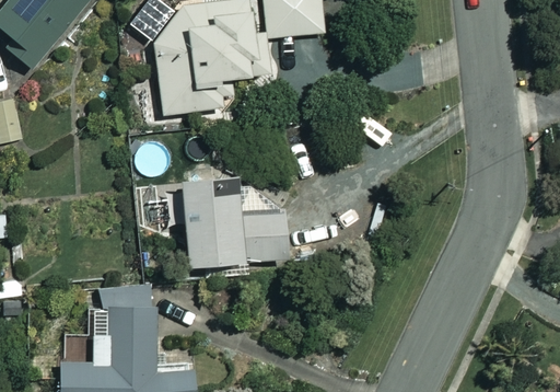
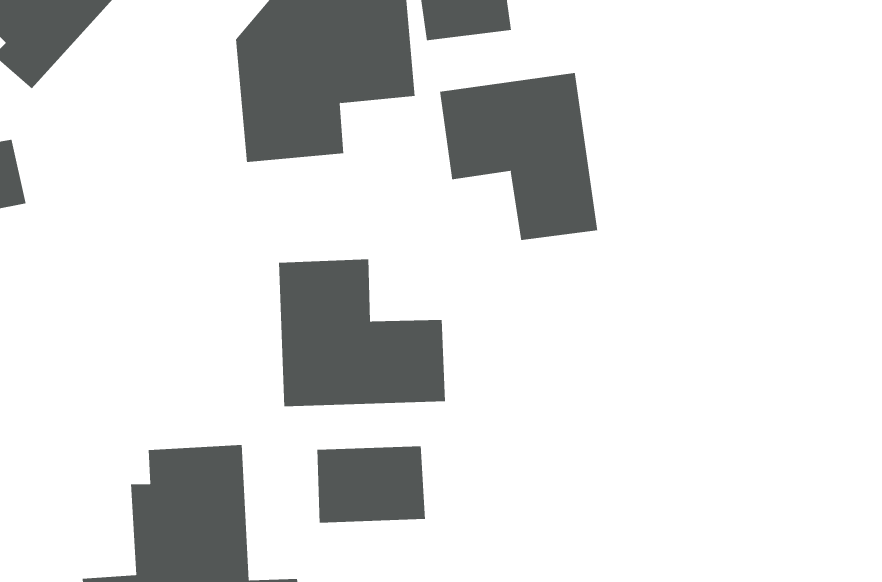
building: none -> [440,72,598,241]
building: none -> [317,445,425,524]

